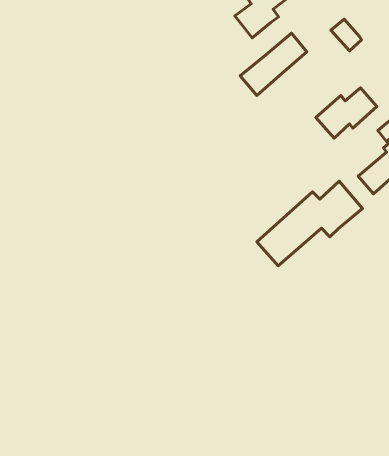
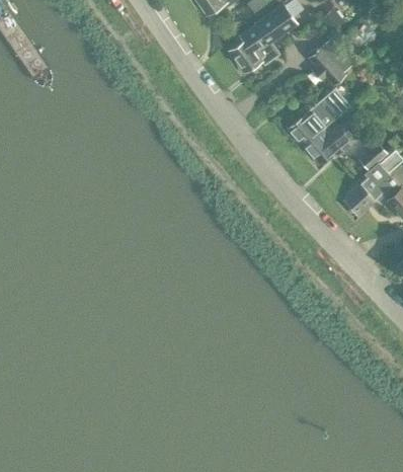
building: [240,33,307,95] -> [289,90,350,148]
building: [257,181,363,266] -> none

